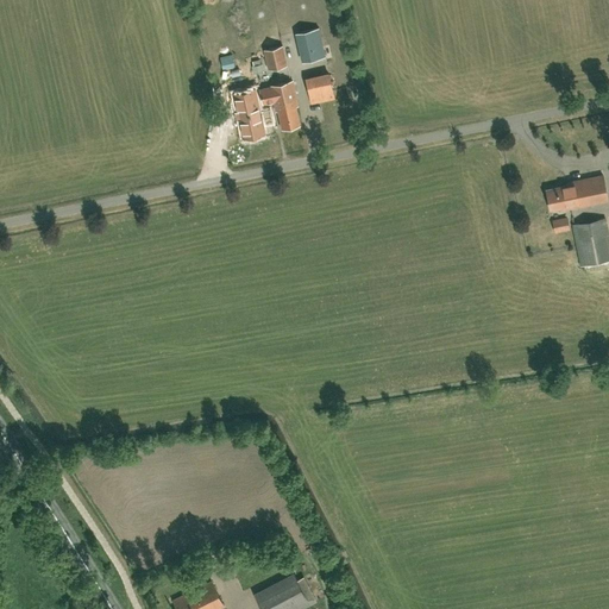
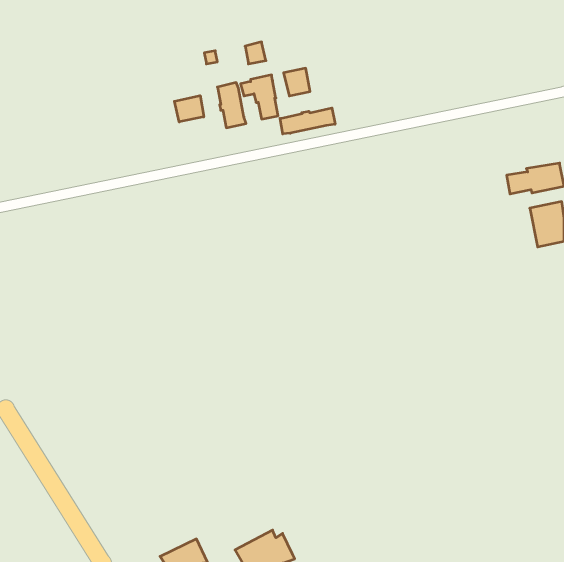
building: [296,29,326,63] -> none
building: none -> [174,96,204,122]
building: none -> [280,108,335,134]

